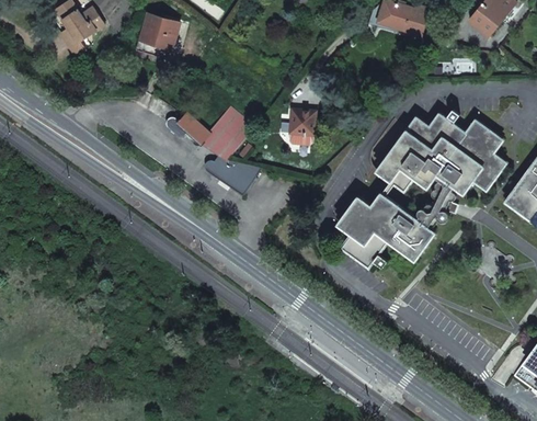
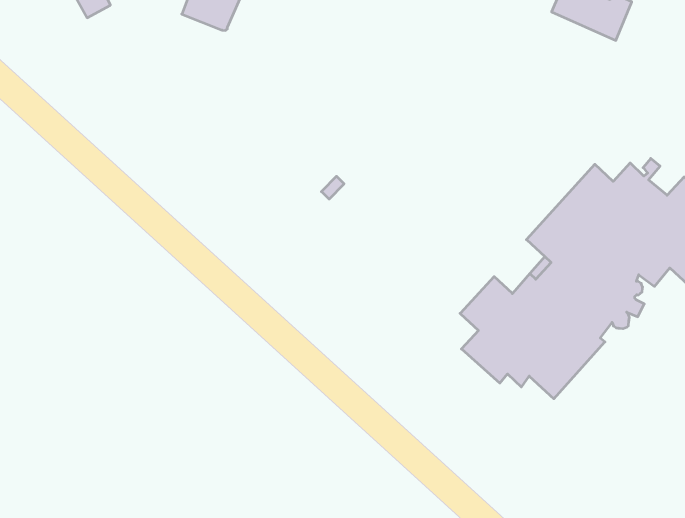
building: [165,106,263,193] -> none
building: [290,107,316,134] -> none

